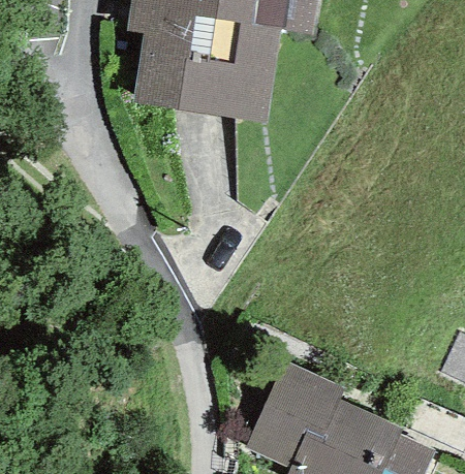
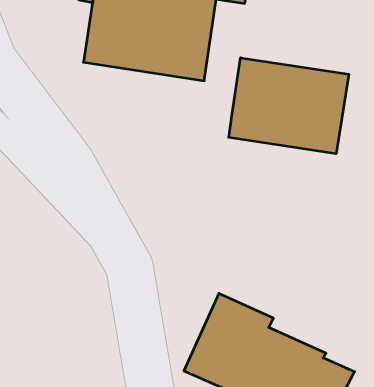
building: none -> [229,58,349,154]

